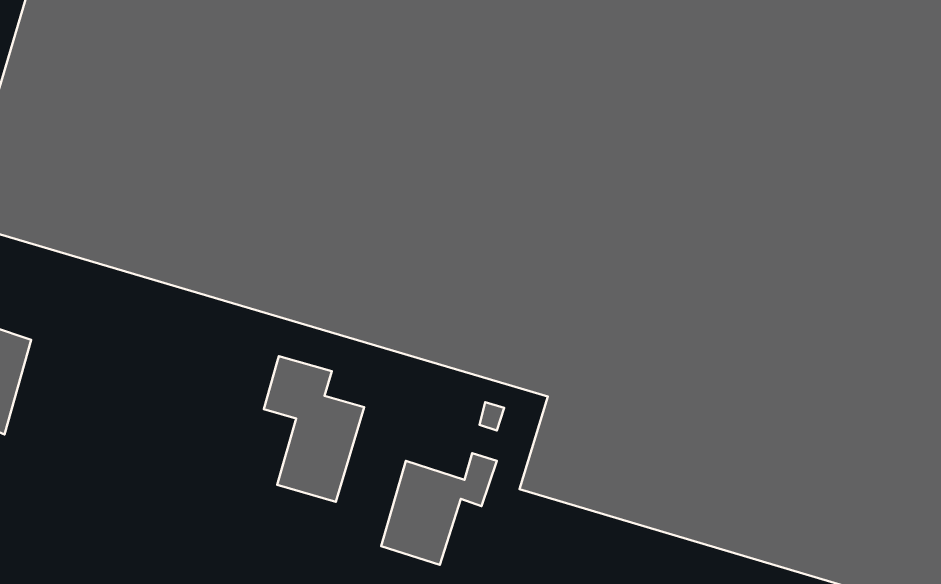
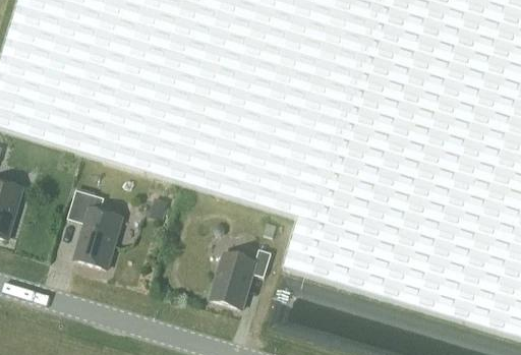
building: [264,356,364,502] -> [67,188,121,267]

